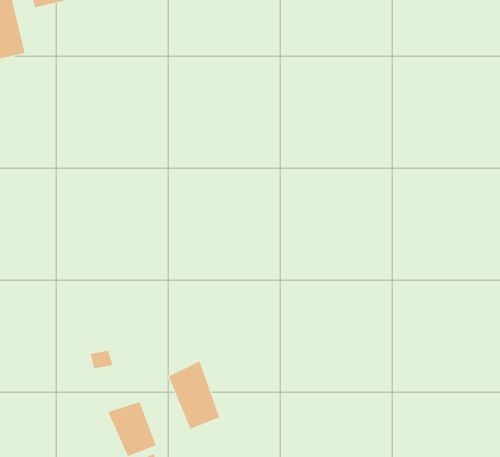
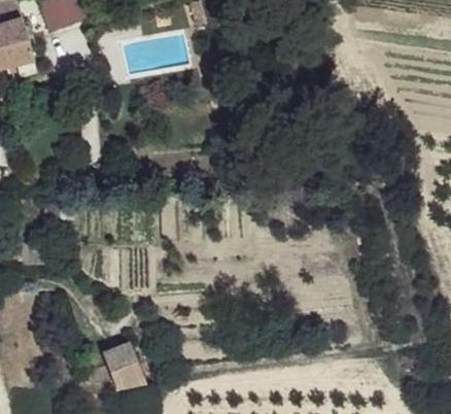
building: [168,360,220,430] -> none

